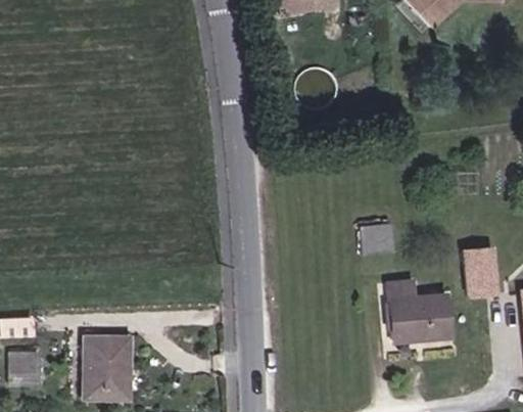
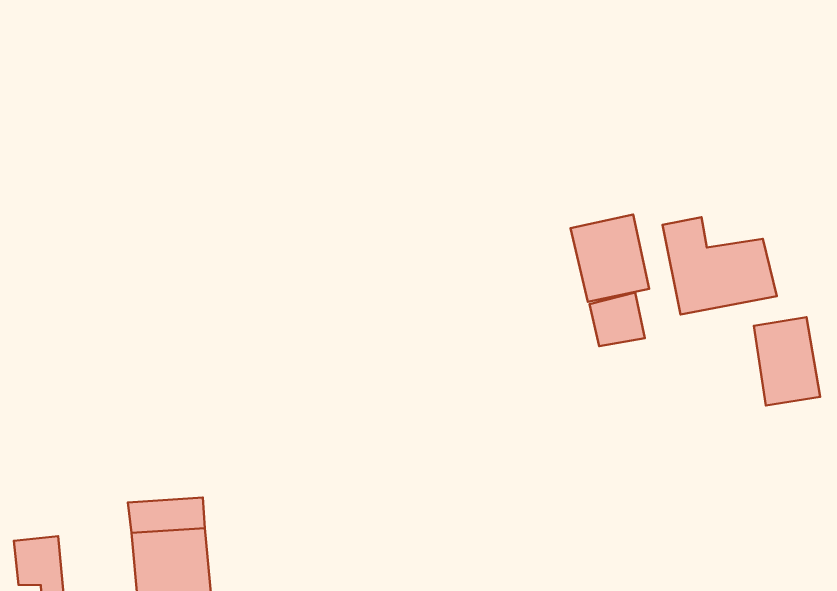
building: none -> [570,215,649,302]
building: [392,281,458,338] -> [663,217,777,314]

